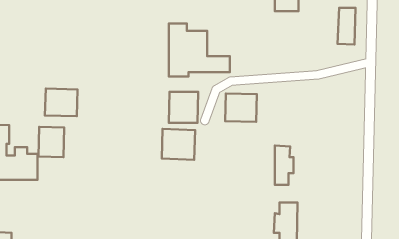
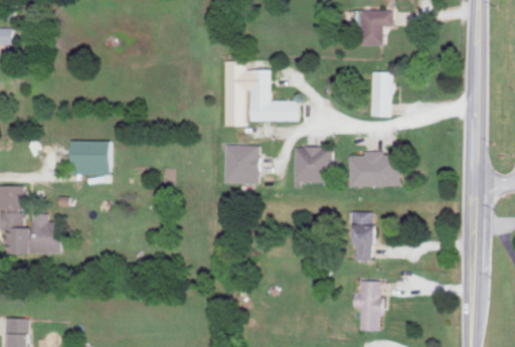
building: [338,8,355,45] -> [370,72,392,118]
building: none -> [348,152,400,187]
building: [39,127,64,157] -> none
building: [162,129,195,160] -> none

